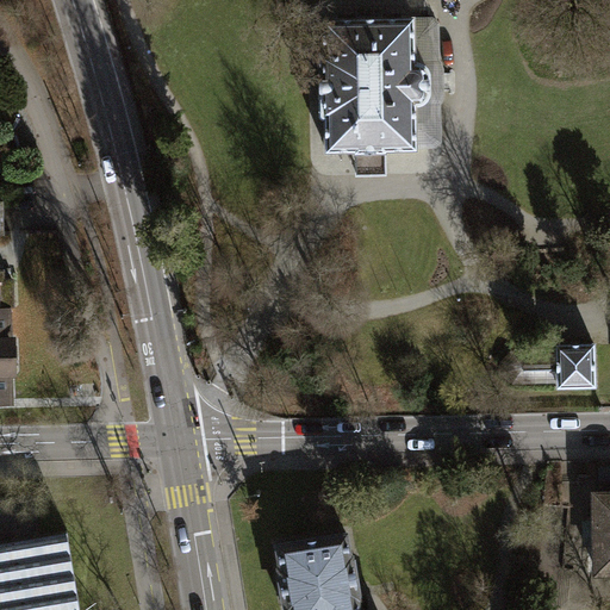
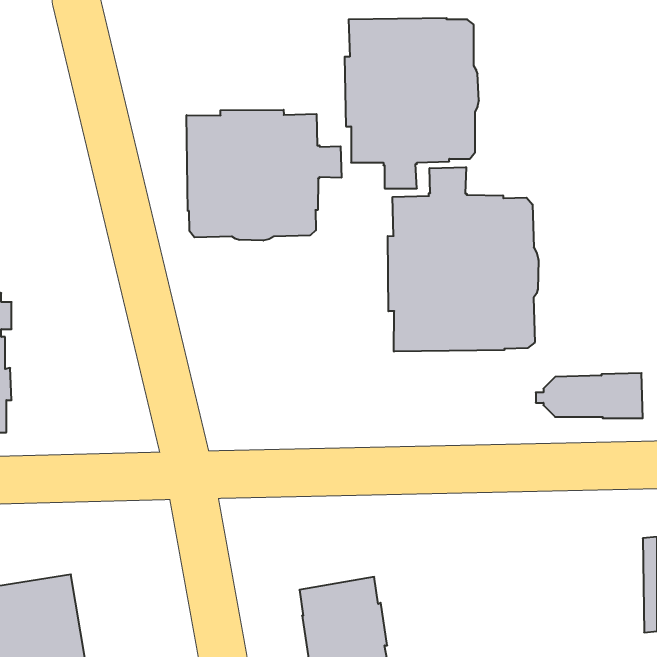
building: none -> [187,110,341,241]
building: none -> [388,167,538,352]

